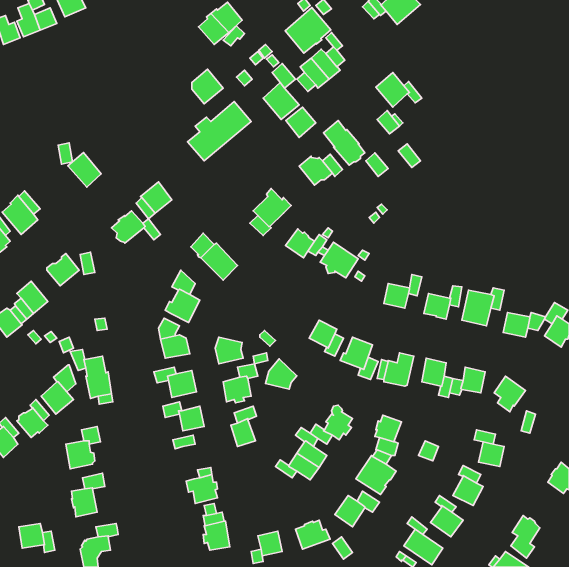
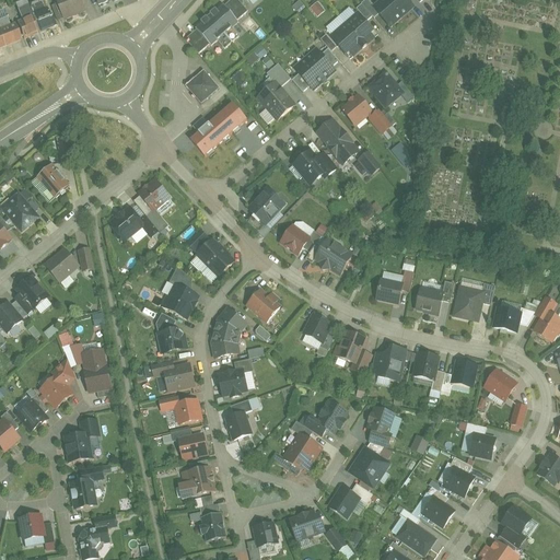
building: [285,7,331,53] -> [330,11,375,56]
building: [286,107,316,137] -> [341,94,371,124]
building: [68,153,101,187] -> [36,163,69,197]
building: none -> [246,288,279,320]
building: [266,359,297,389] -> [214,306,245,336]
building: none -> [179,433,206,456]

